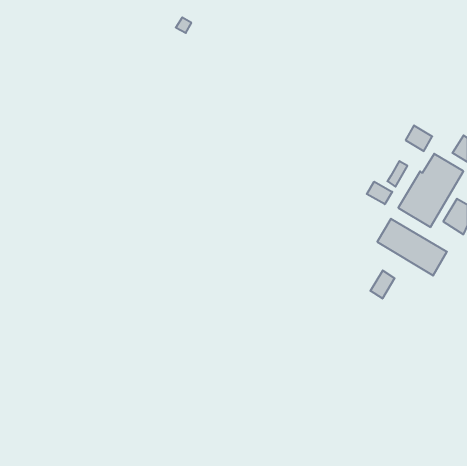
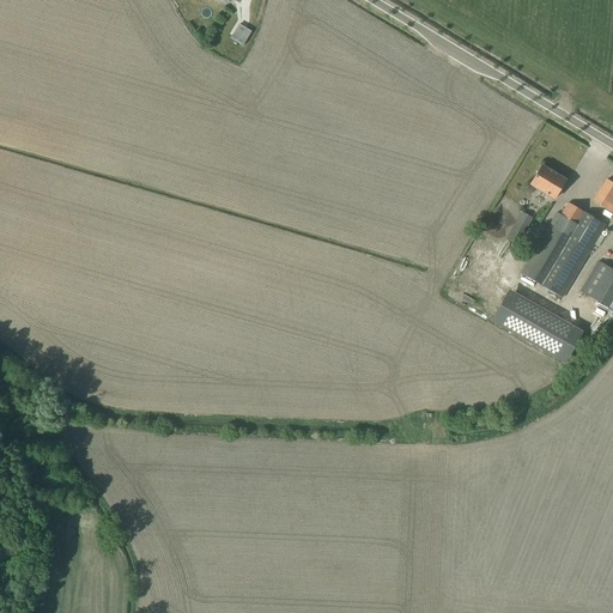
building: [367,182,392,204] -> none
building: [370,270,395,299] -> none

